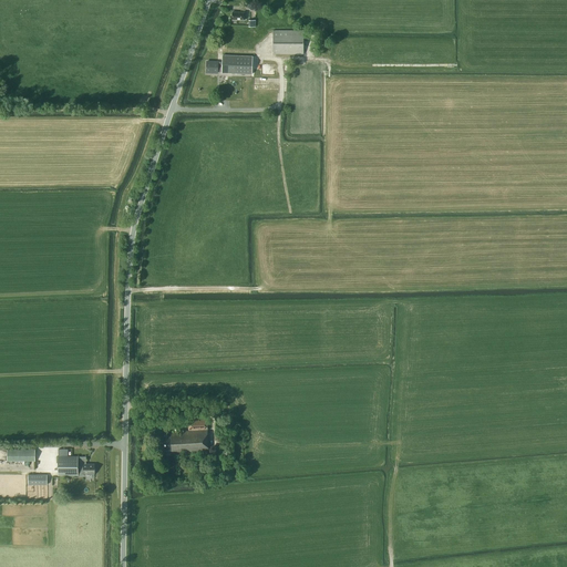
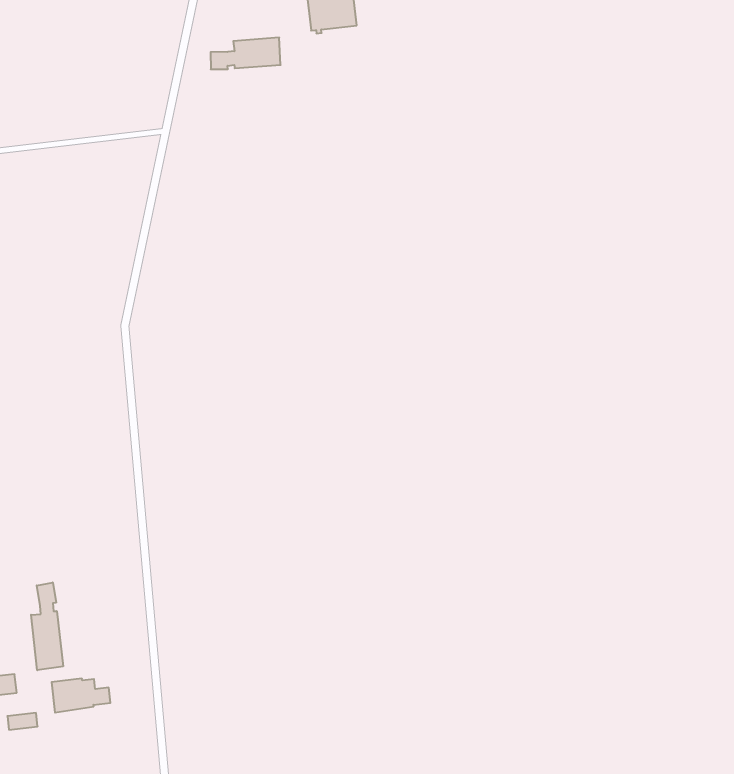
building: none -> [31,582,63,670]
building: [162,420,208,453] -> none

